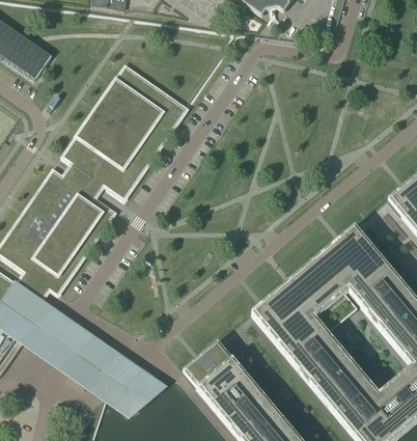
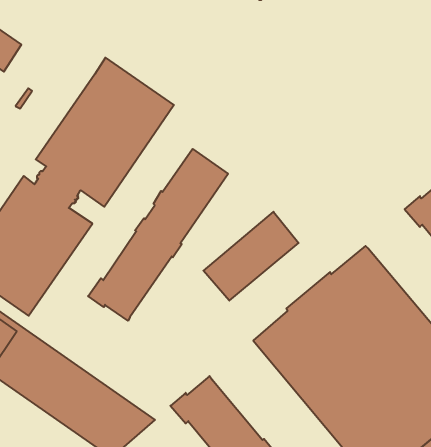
building: none -> [88,149,228,321]
building: none -> [203,212,299,301]

